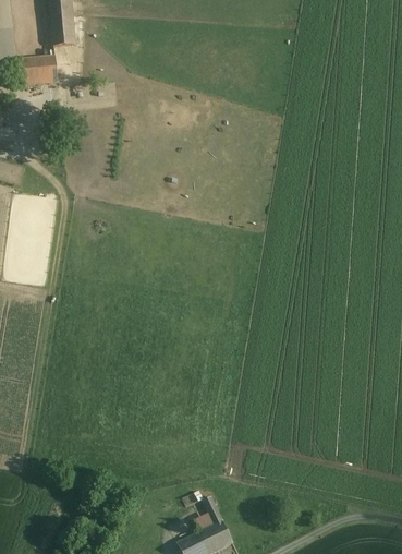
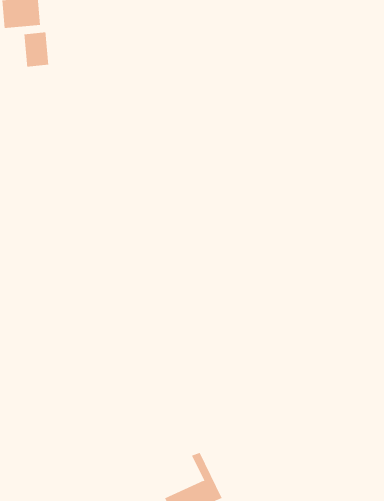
building: none -> [24,32,49,67]

